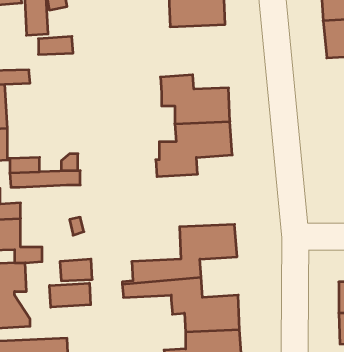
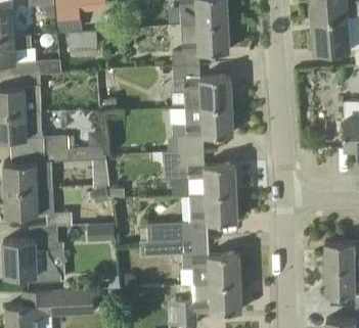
building: none -> [173,24,230,68]
building: none -> [166,151,236,196]
building: [50,283,91,307] -> none

